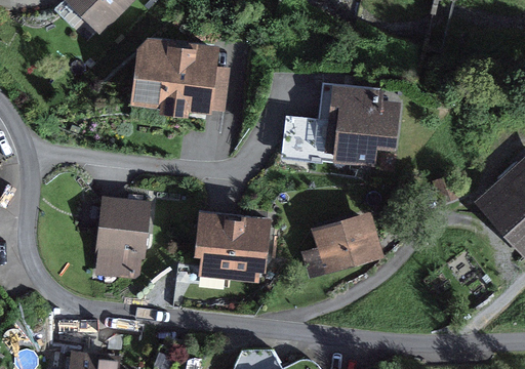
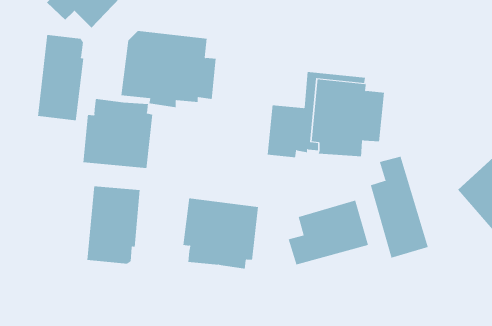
building: none -> [37,34,84,121]
building: none -> [83,98,153,169]
building: none -> [370,156,428,258]

